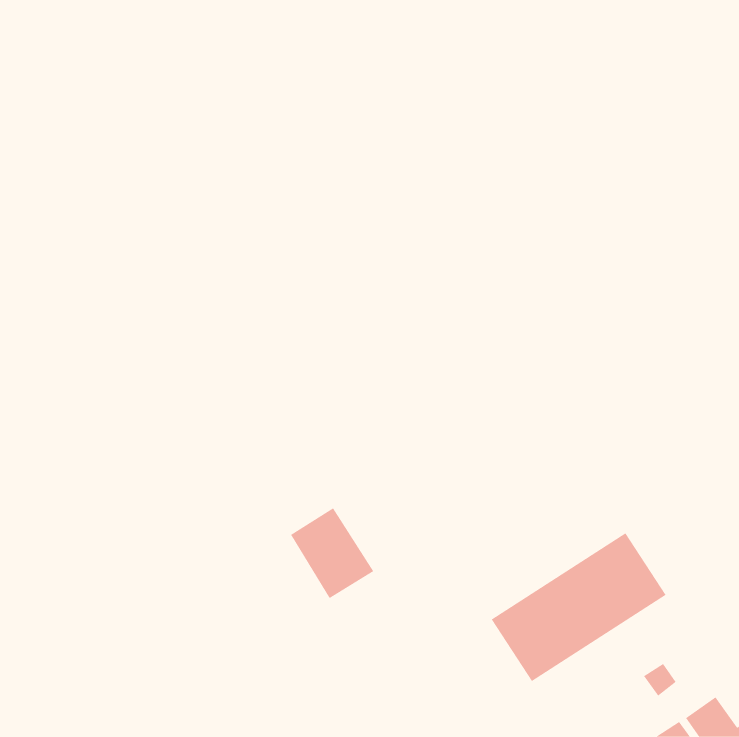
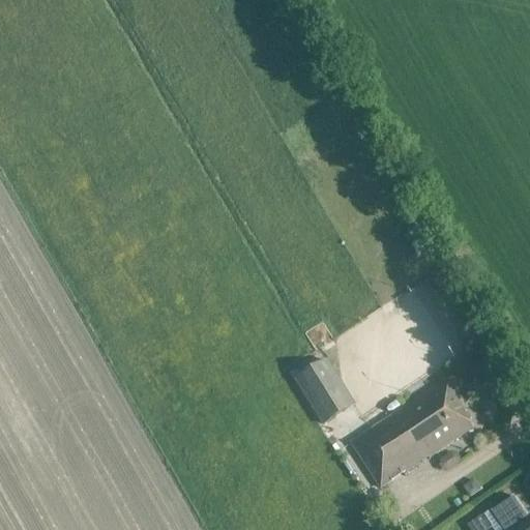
building: [290,507,374,599] -> [296,358,356,423]

